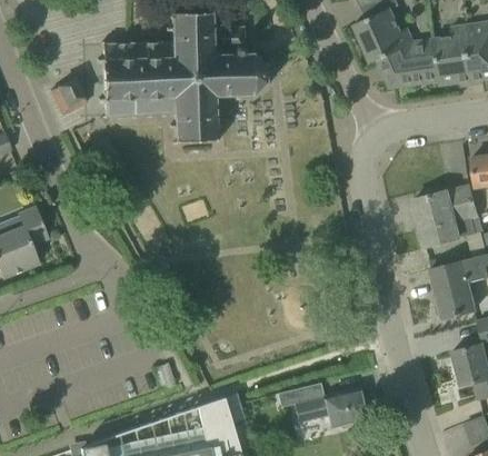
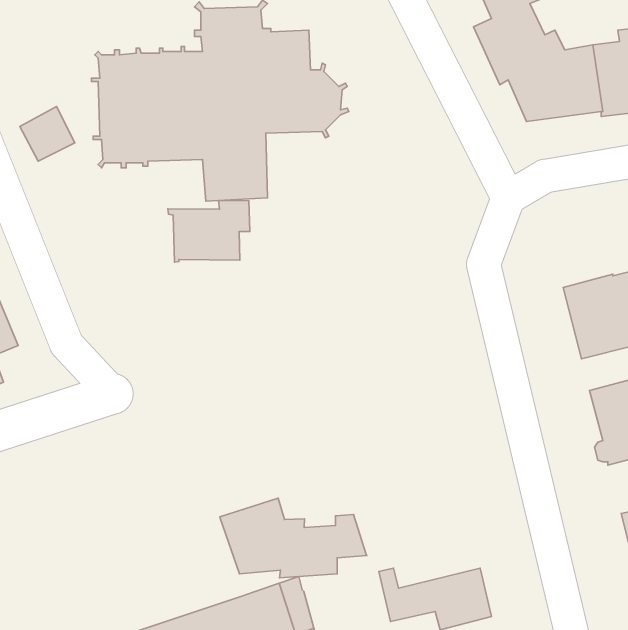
building: none -> [168,200,250,262]
building: none -> [220,498,367,578]

